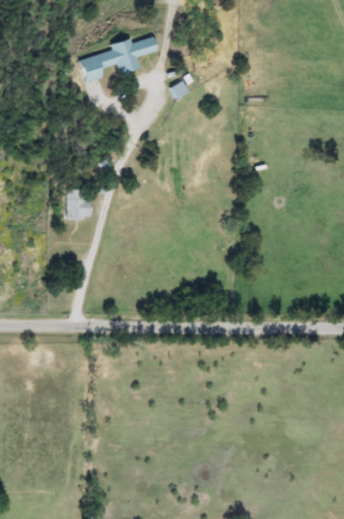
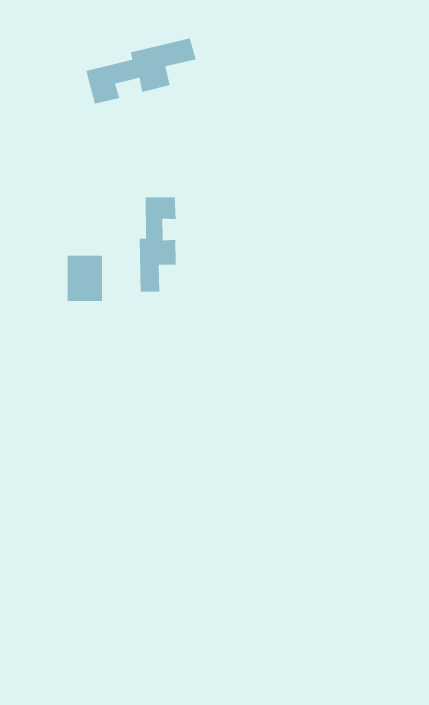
building: none -> [139,197,176,293]

